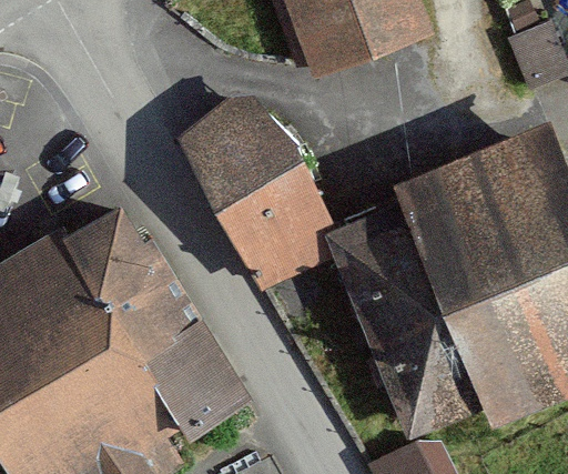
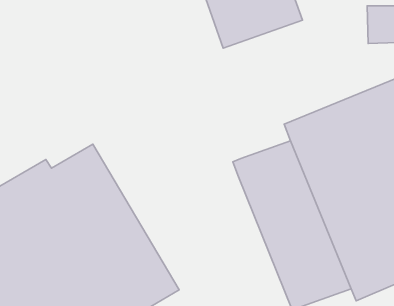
building: [184,91,337,292] -> none

